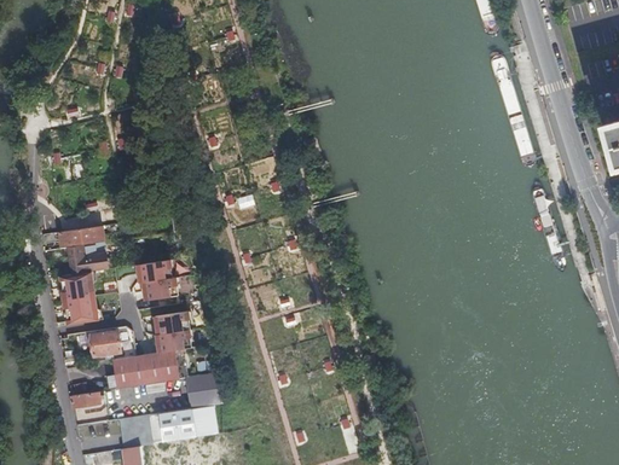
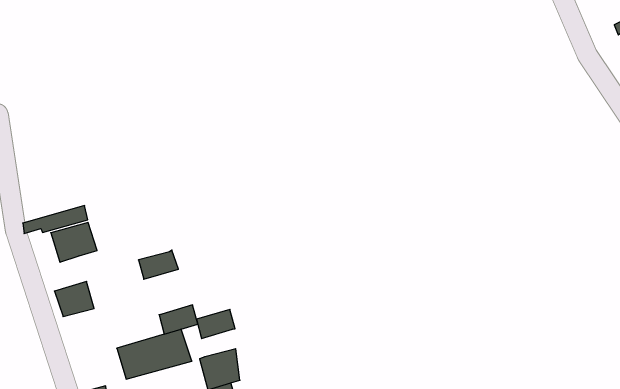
building: [138,260,173,283] -> none
building: [60,271,94,300] -> none
building: [156,310,190,333] -> [196,309,235,339]
building: [92,330,122,355] -> none

